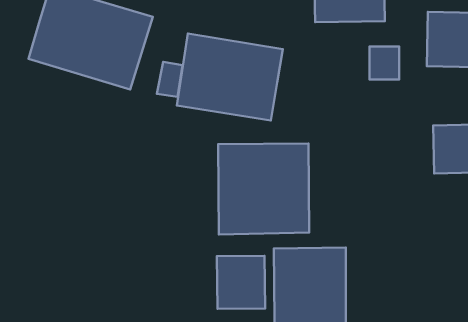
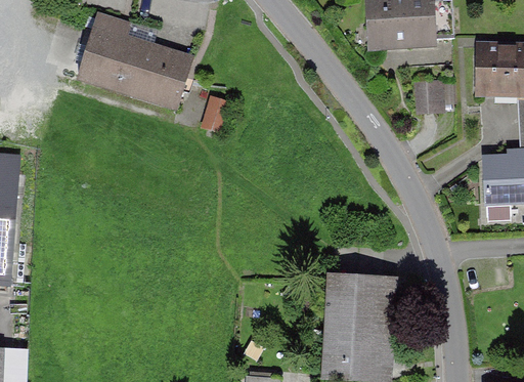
building: [177,34,283,121] -> none
building: [218,143,309,235] -> none
building: [217,256,265,309] -> none

